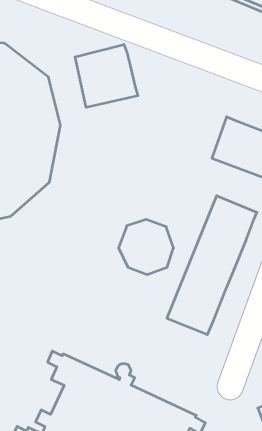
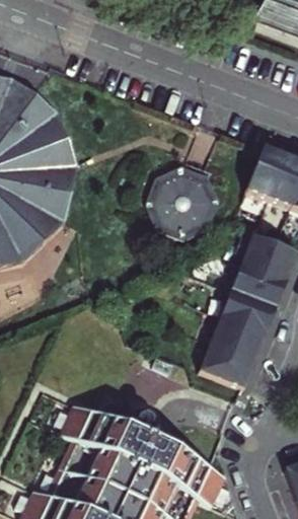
building: [75,44,138,107] -> none
building: [119,219,174,274] -> [157,175,218,236]

